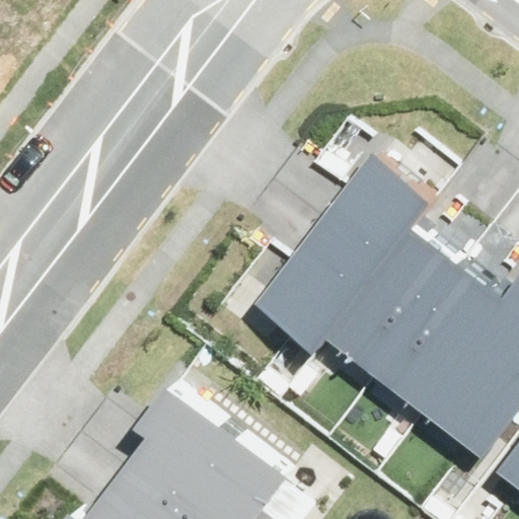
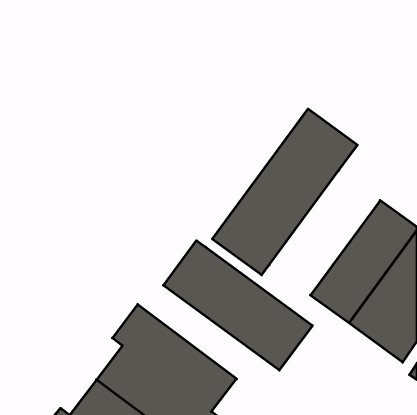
building: [325,222,459,373] -> none
building: none -> [163,241,312,370]

